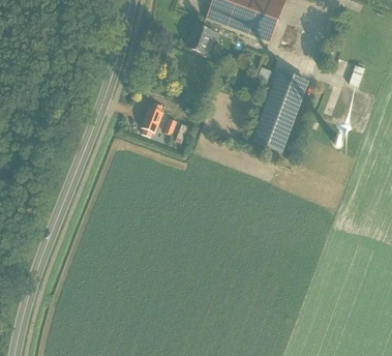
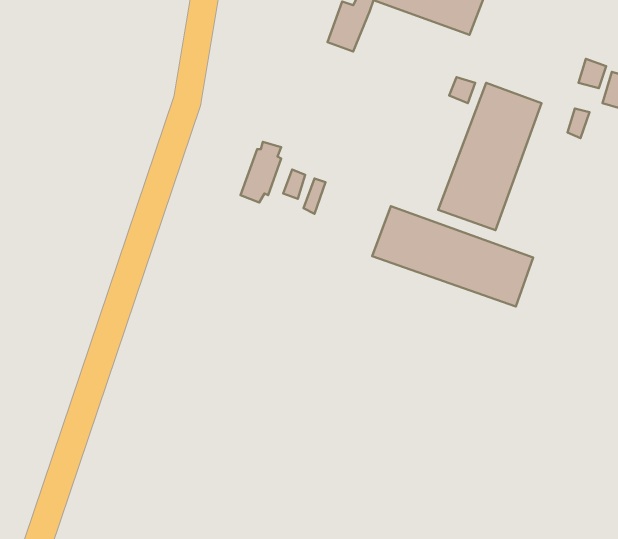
building: none -> [372,206,533,306]

